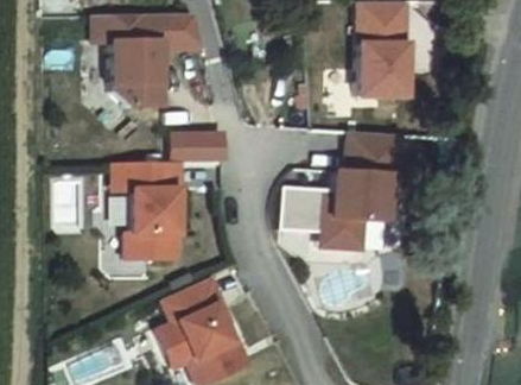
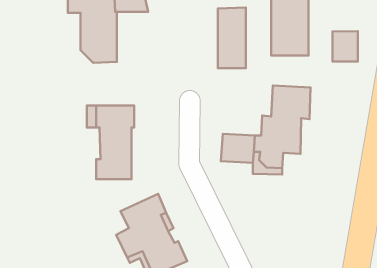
building: none -> [218,7,246,68]
building: none -> [332,31,358,62]
building: [166,134,216,163] -> none

